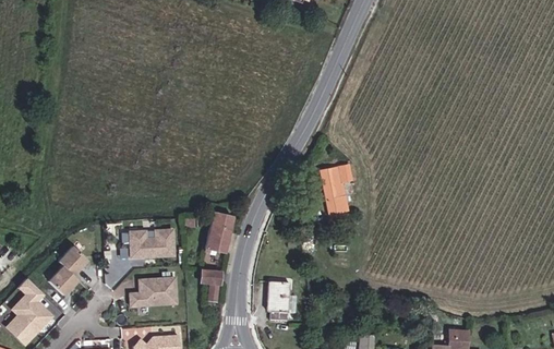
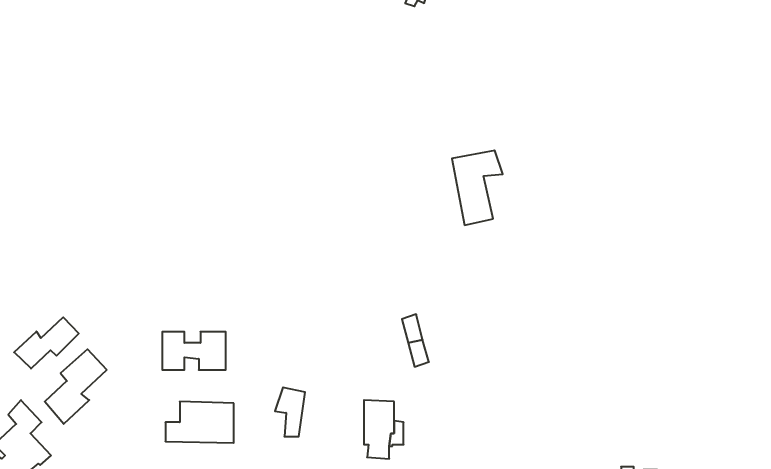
building: [324,166,359,217] -> [452,150,503,225]
building: [200,213,233,252] -> none
building: none -> [14,317,79,369]

